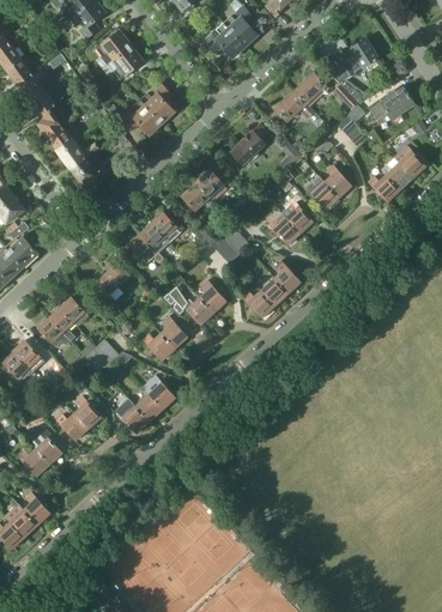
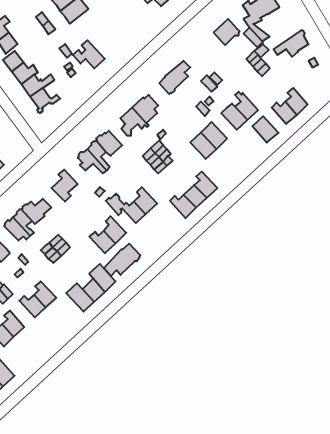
building: [140,84,174,122] -> none
building: [276,90,314,121] -> none
building: [394,146,426,178] -> [252,116,279,143]
building: none -> [104,244,140,276]

